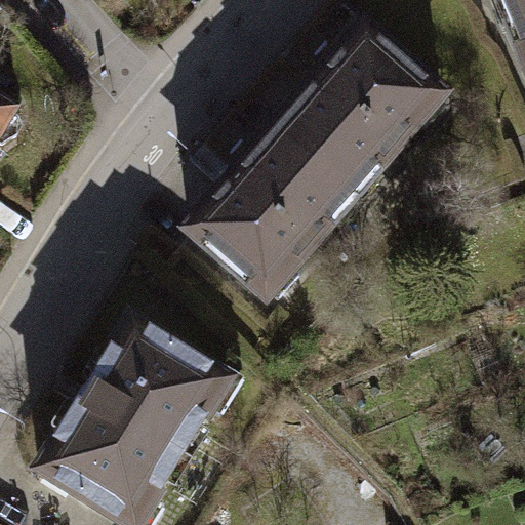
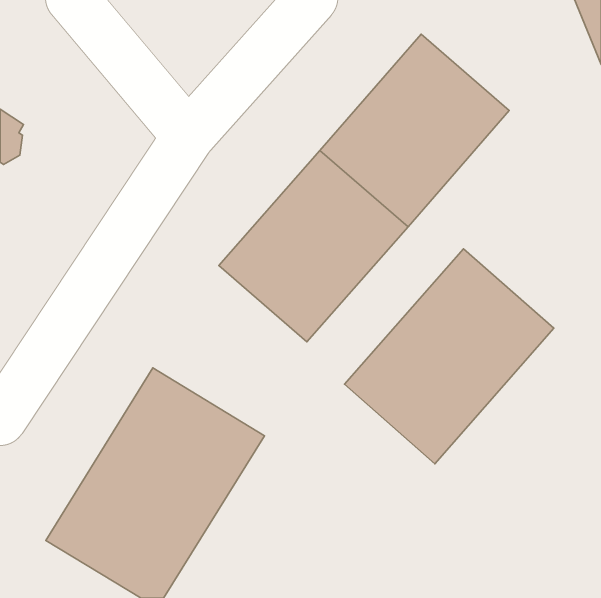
building: none -> [344,249,554,464]

